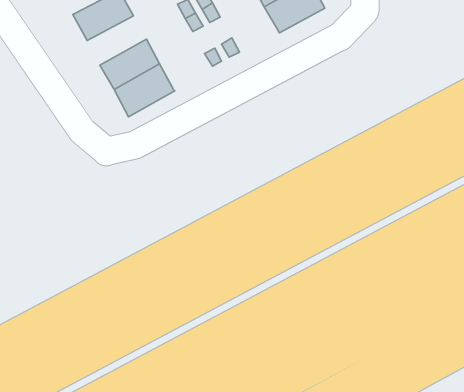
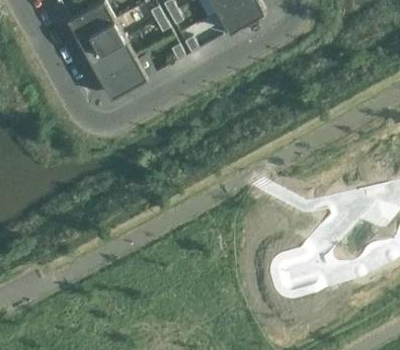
building: none -> [78,20,125,59]

